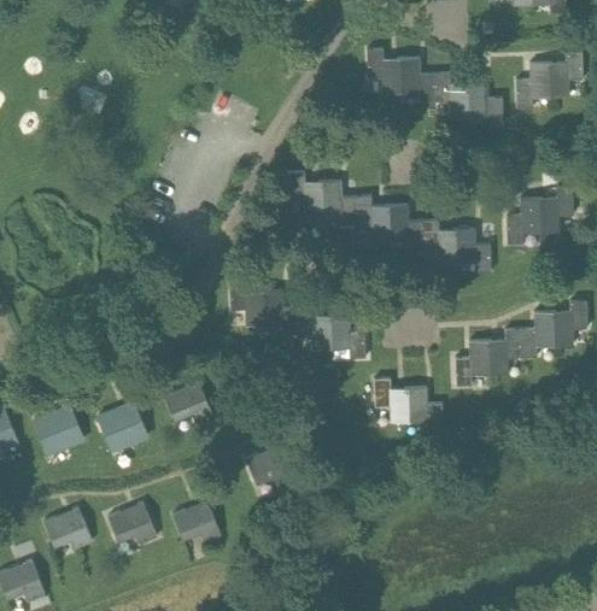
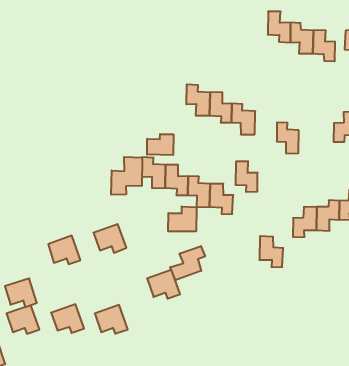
building: [367,48,403,93] -> none
building: [391,204,425,248] -> [235,161,258,192]
building: [456,228,492,272] -> none
building: none -> [147,134,173,155]
building: none -> [111,157,142,195]
building: none -> [168,206,196,231]
building: [374,377,409,422] -> none
building: [35,405,83,447] -> [5,278,37,307]
building: none -> [170,246,205,280]

